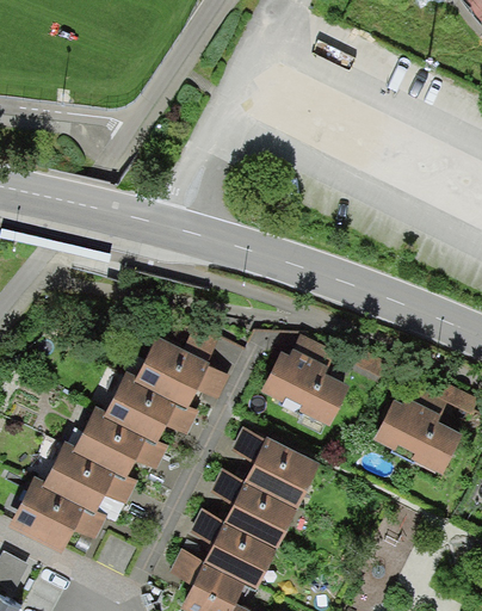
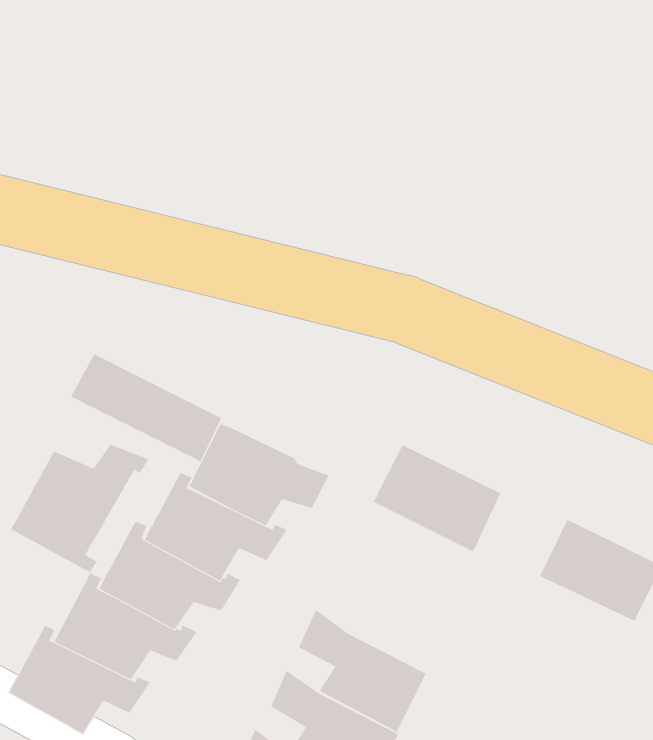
building: none -> [70,353,222,462]
building: none -> [11,444,149,573]
building: [231,422,320,506] -> none

